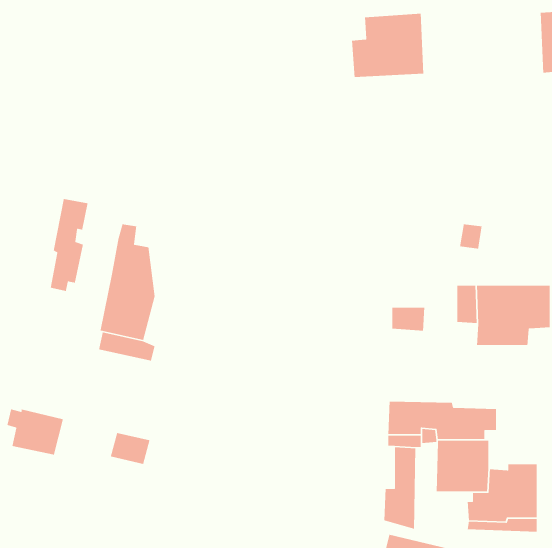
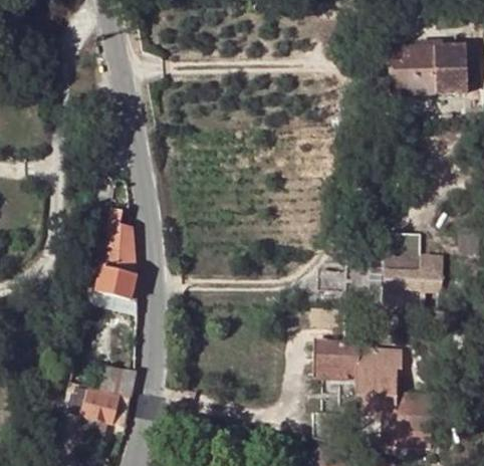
building: [351,13,424,78] -> [381,43,437,93]
building: [50,198,89,292] -> none
building: none -> [391,230,424,253]
building: [6,409,64,455] -> [76,387,120,423]

